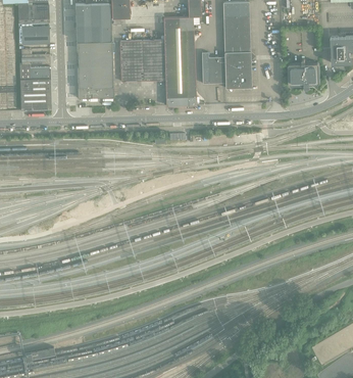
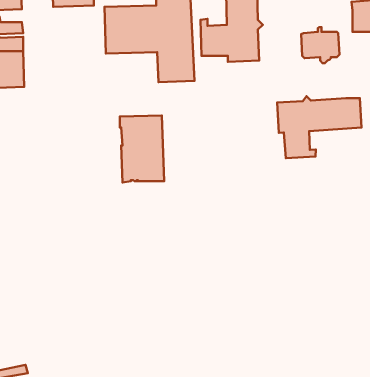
building: [75,41,113,98] -> [120,115,164,182]
building: none -> [277,96,361,158]

